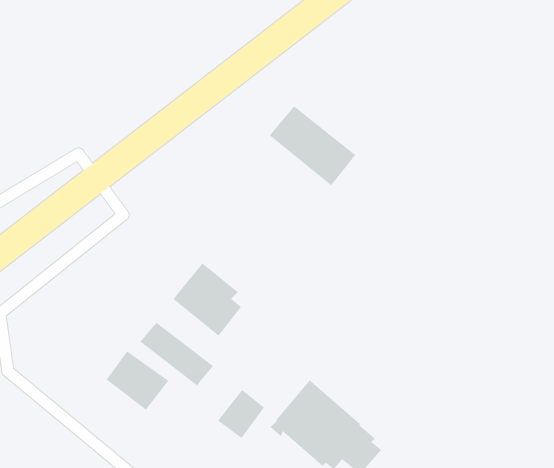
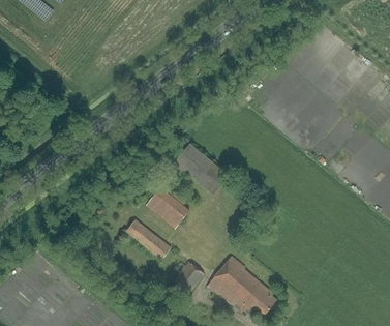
building: [269,106,356,186] -> [173,144,228,195]
building: [106,350,169,410] -> none

